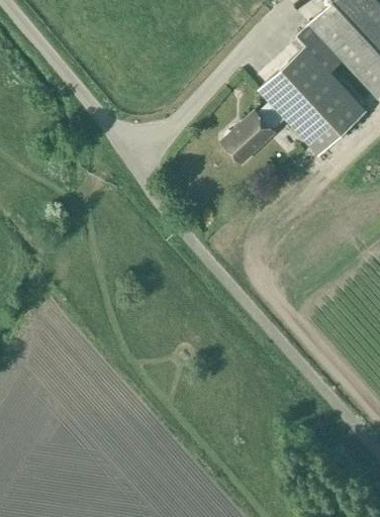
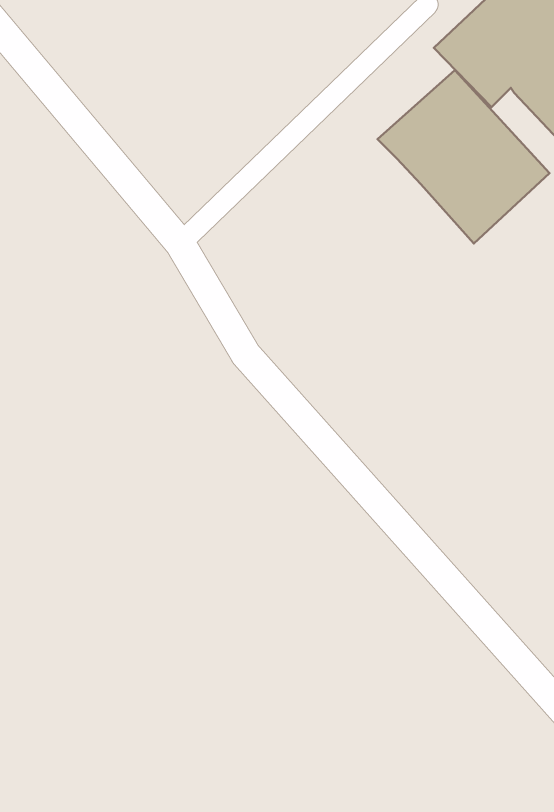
building: [221,102,285,164] -> none

